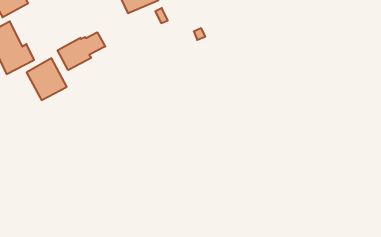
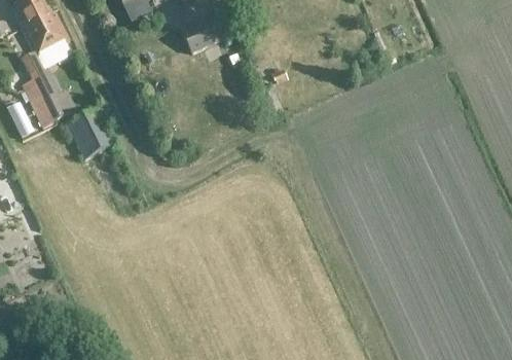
building: [58,32,105,70] -> none

